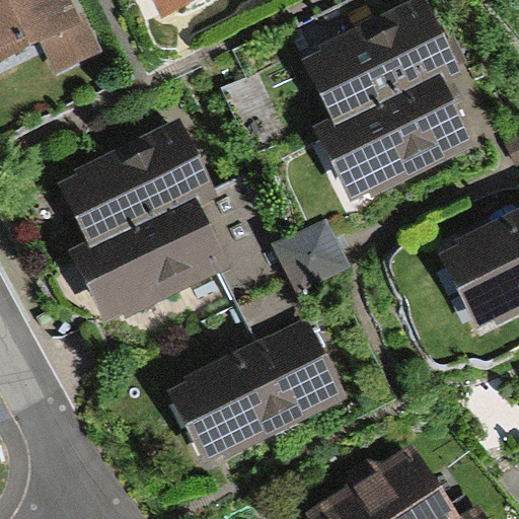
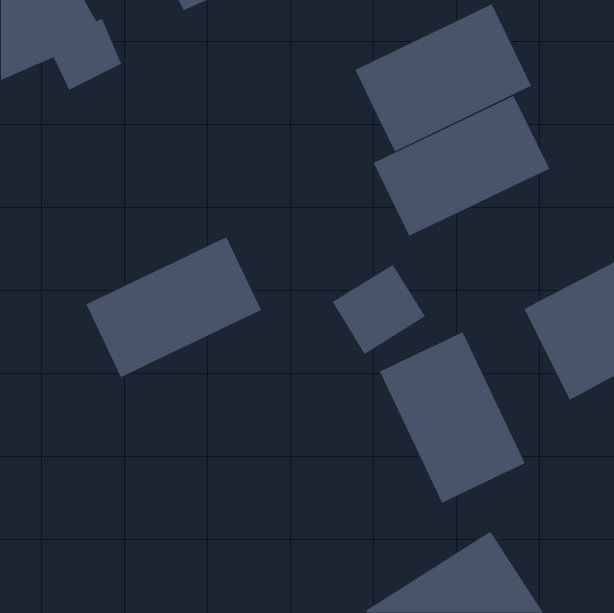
building: [58,123,207,246] -> none
building: none -> [379,331,525,504]
building: [169,326,337,458] -> none

